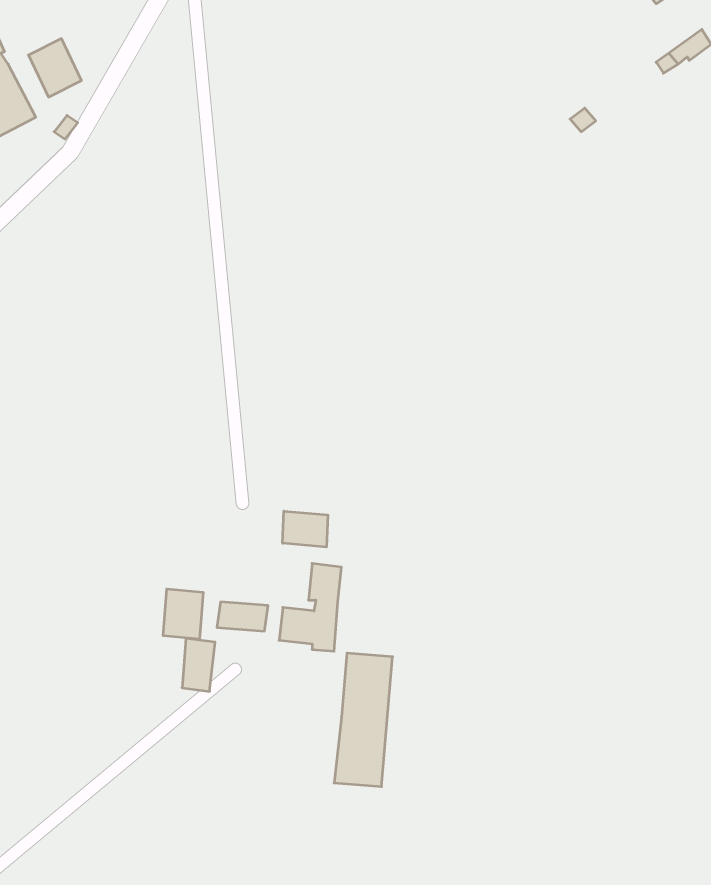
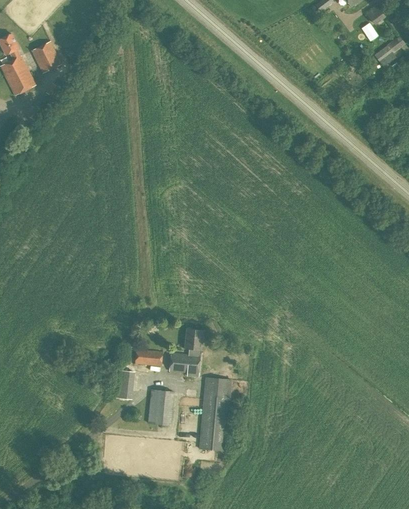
building: [283,511,328,547] -> none
building: [163,589,203,639] -> none
building: none -> [147,389,172,424]

